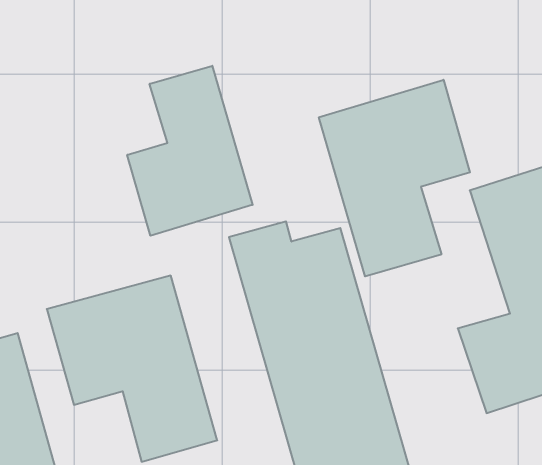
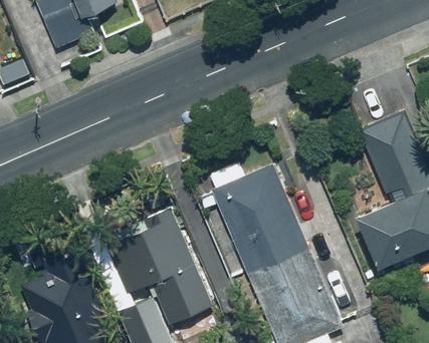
building: [127,66,253,236] -> none
building: [319,80,470,276] -> none

